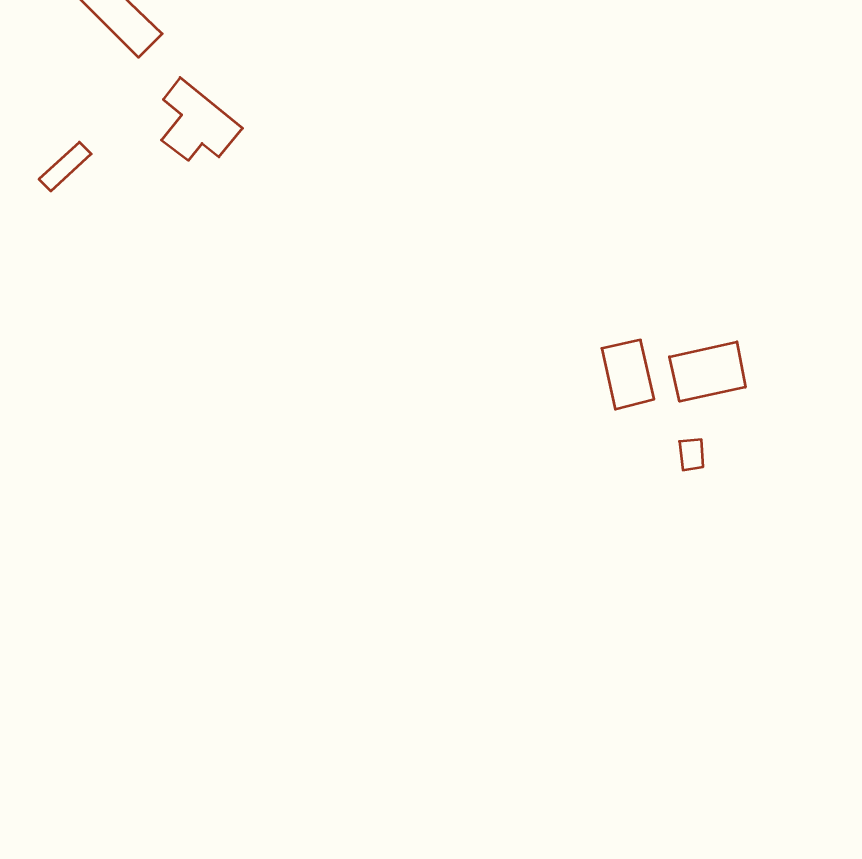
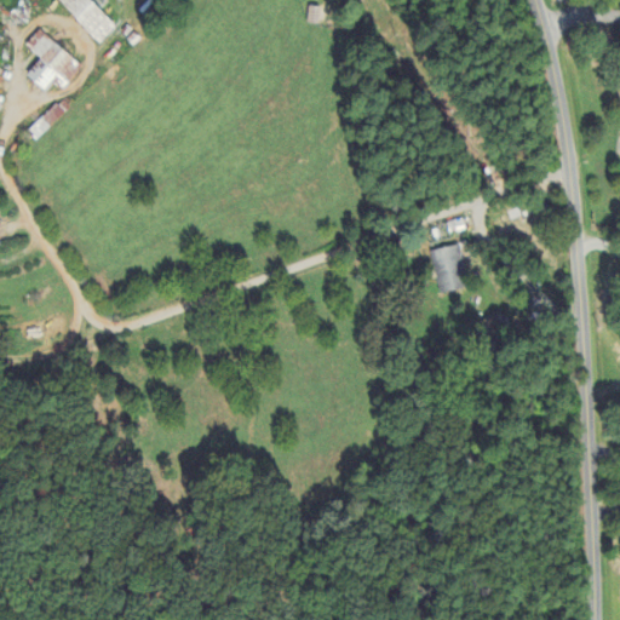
building: [161,77,243,160] -> [24,29,82,88]
building: [669,342,745,401] -> none

